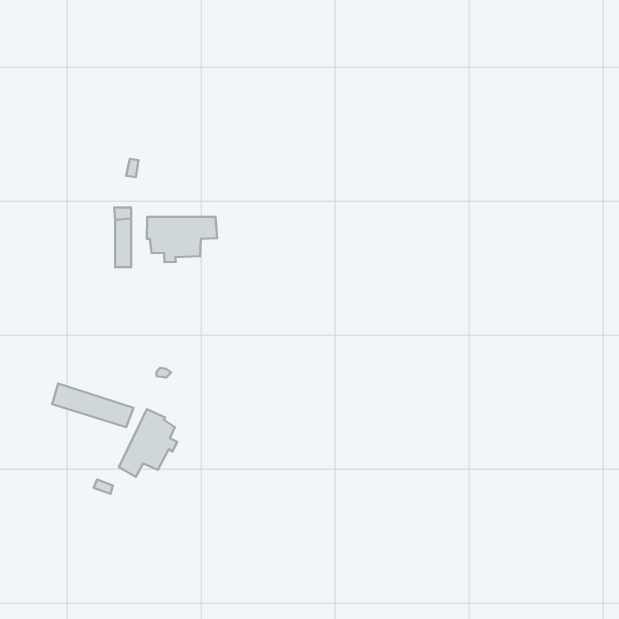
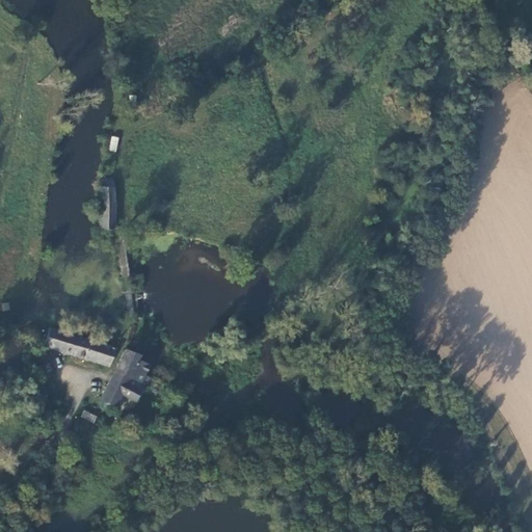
building: [147,217,217,262] -> none

